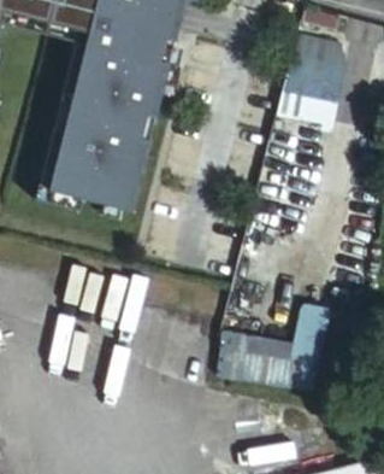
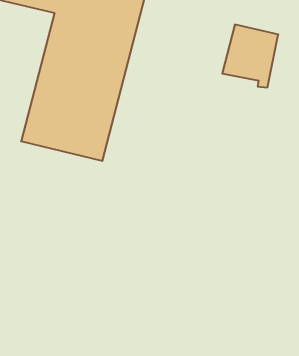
building: [218,302,332,391] -> none

